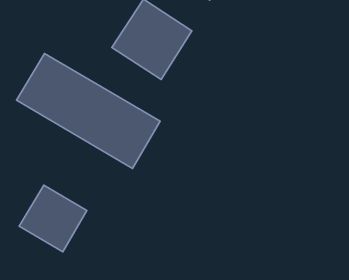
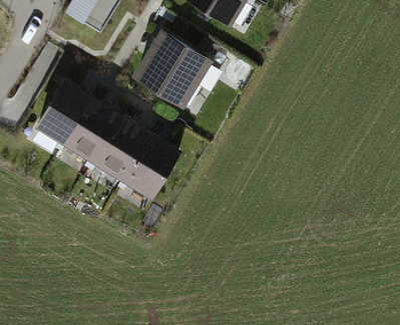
building: [19,185,87,252] -> none

